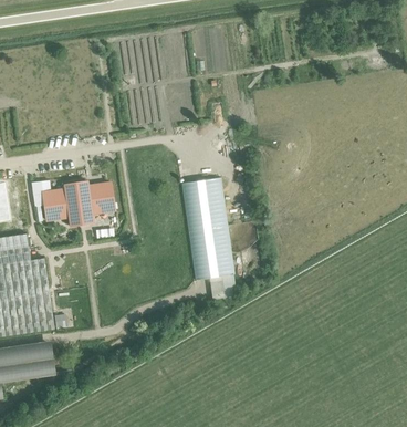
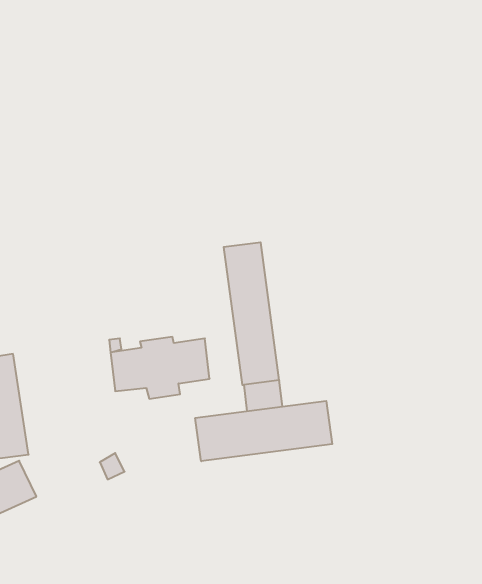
building: [42,181,113,226] -> [111,337,210,399]
building: none -> [195,401,332,461]

